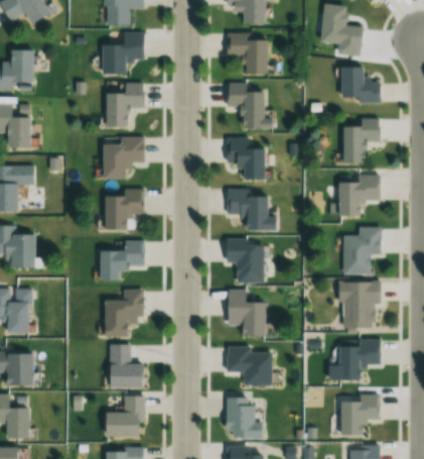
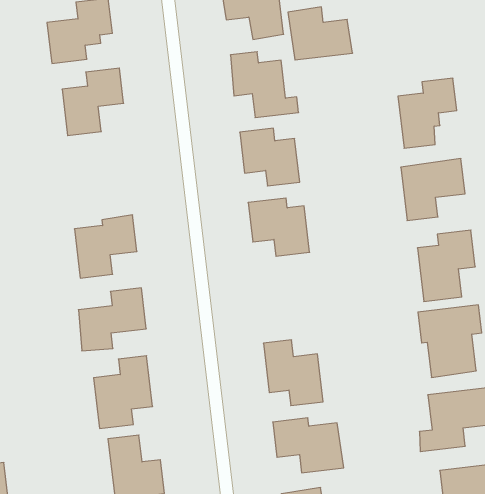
building: [340,67,383,102] -> [288,7,353,60]
building: [102,137,146,179] -> none
building: [226,241,264,283] -> none

